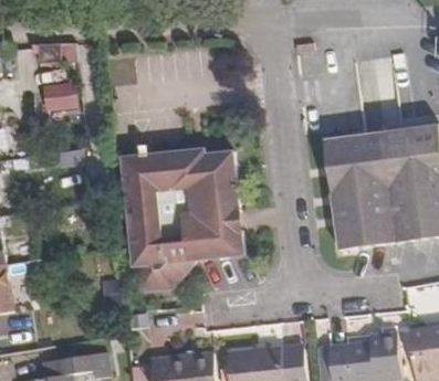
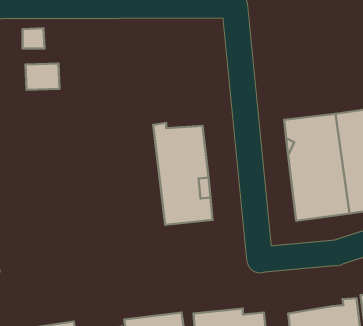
building: [123,147,194,287] -> none

